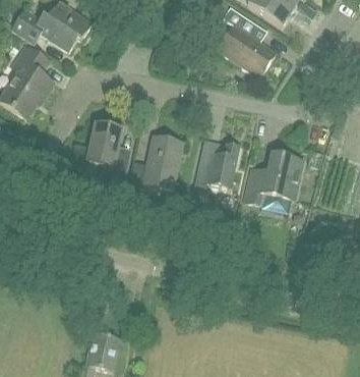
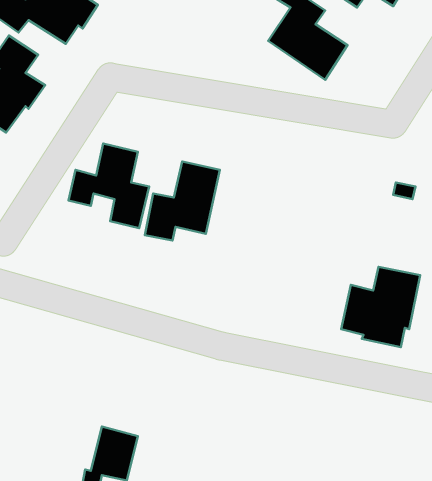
building: [192,138,239,195] -> none
building: [244,153,302,212] -> [341,267,420,347]

